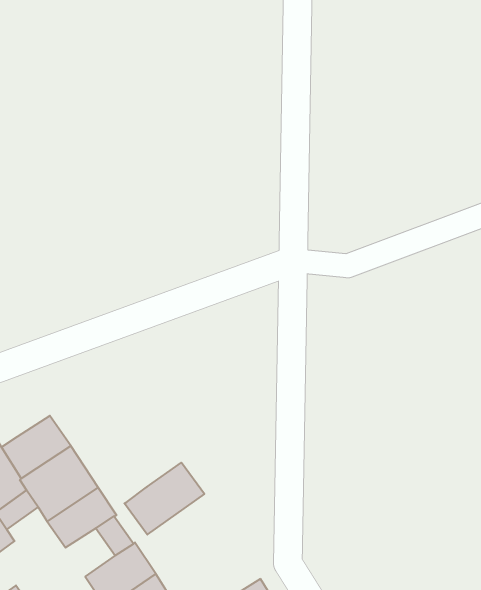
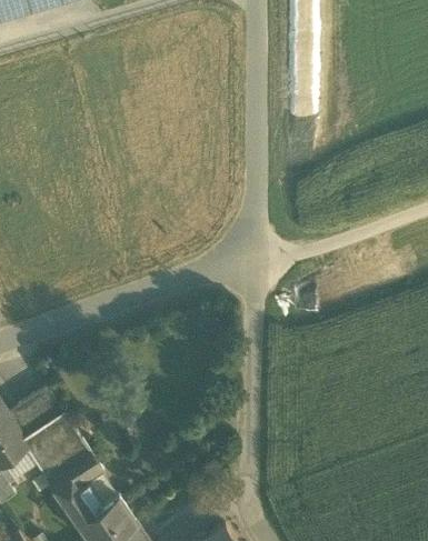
building: [124,463,204,535] -> none
building: none -> [58,484,100,525]

